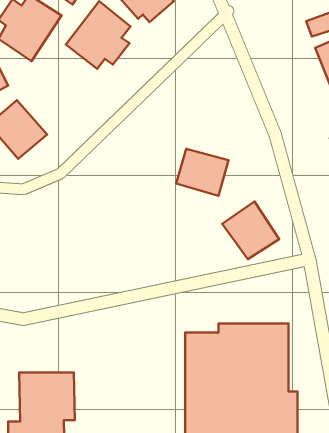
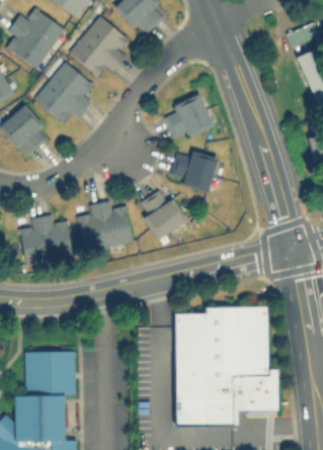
building: none -> [32,60,93,121]
building: none -> [166,94,212,140]
building: [222,201,279,259] -> [135,186,186,239]
building: none -> [79,200,133,252]
building: none -> [20,215,73,268]

